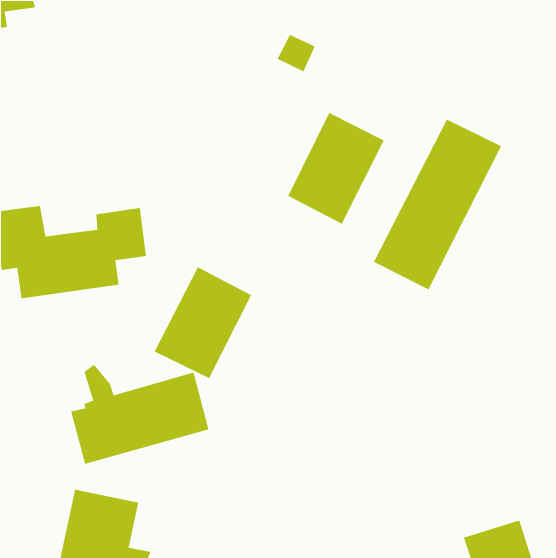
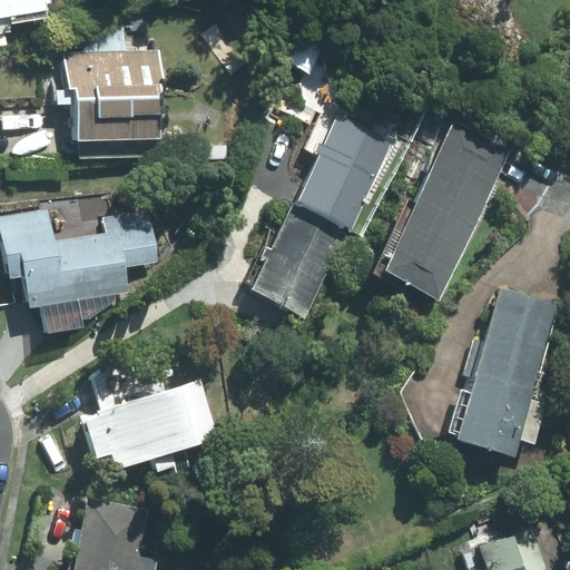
building: none -> [65,53,159,140]
building: [154,266,252,379] -> [252,202,352,316]
building: none -> [455,287,559,455]

